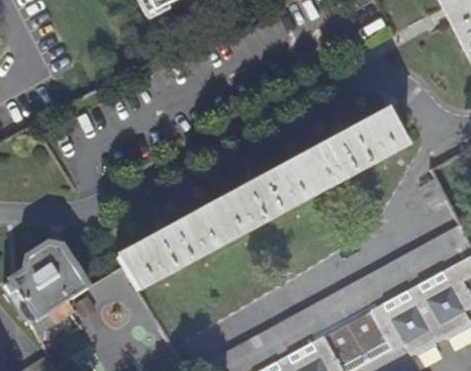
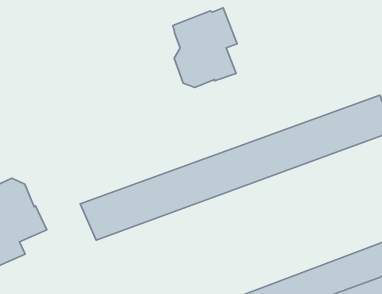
building: none -> [173,8,237,88]

